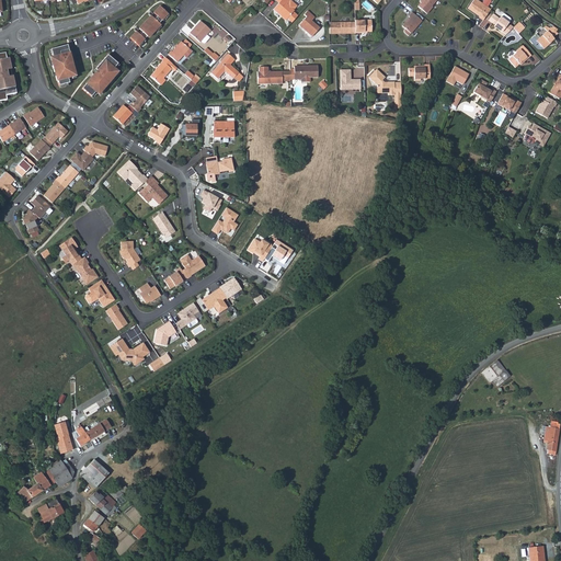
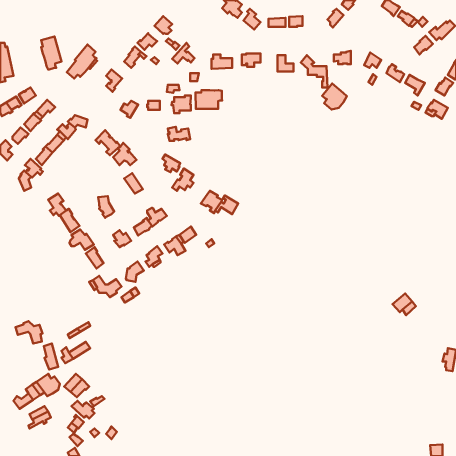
building: [130,5,168,47] -> none
building: none -> [322,83,347,110]
building: none -> [196,90,222,109]
building: none -> [16,321,42,344]

